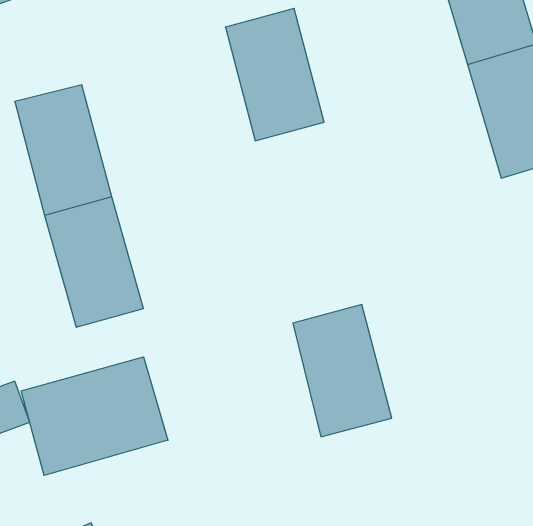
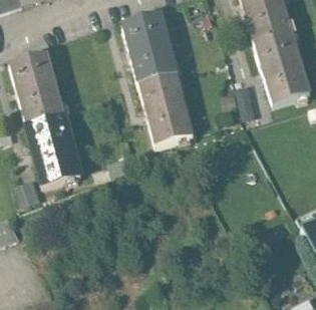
building: [293,304,392,437] -> [139,71,193,142]
building: [21,357,168,475] -> none

